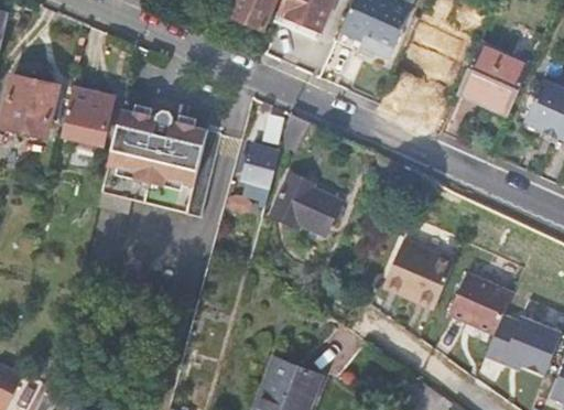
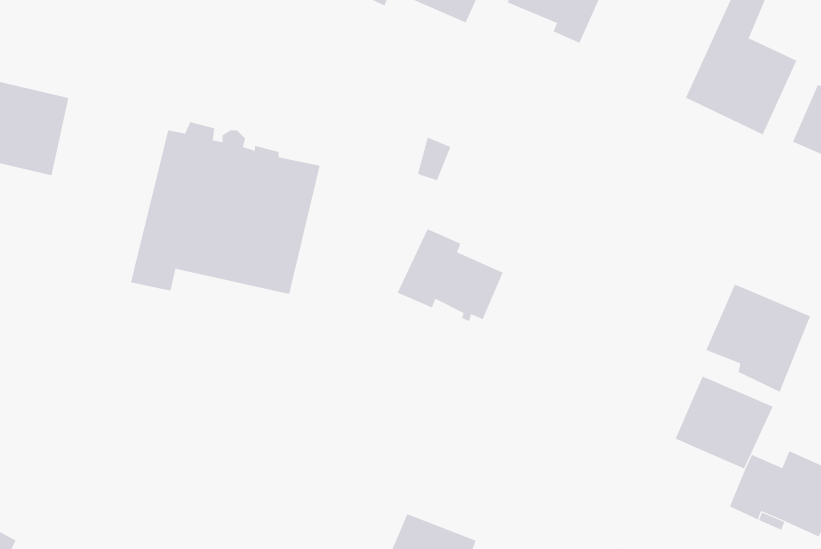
building: [62,93,111,148] -> none
building: [239,148,279,205] -> none
building: [386,238,454,309] -> [706,284,811,393]

